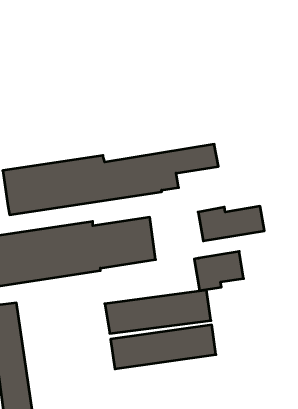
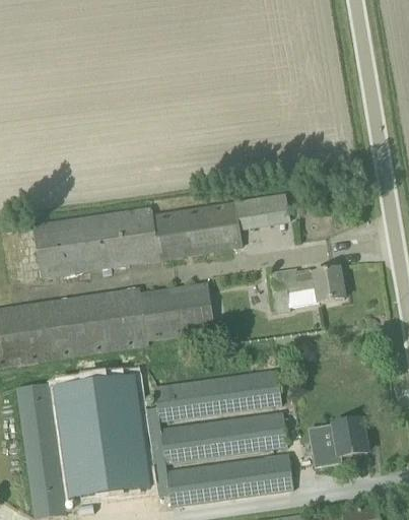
building: [194,251,244,290] -> [309,419,367,466]
building: none -> [57,369,154,493]
building: none -> [167,452,293,506]

